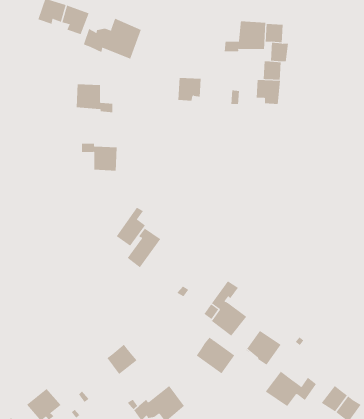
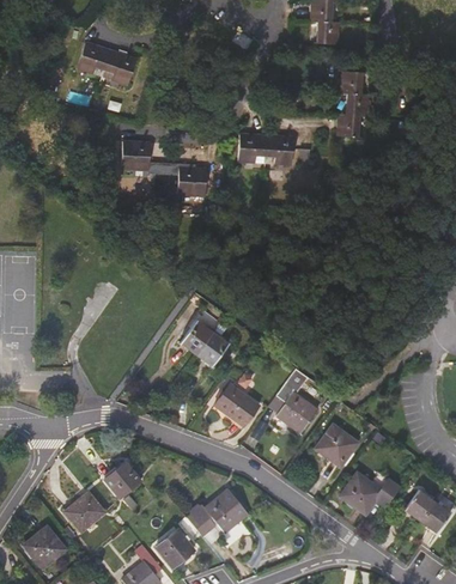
building: [83,18,142,60] -> none
building: [224,21,266,52] -> none
building: [256,80,281,104] -> [265,134,293,163]
building: [81,143,118,171] -> [164,163,206,195]
building: [116,207,146,246] -> [195,320,230,365]
building: [196,337,235,374] -> [214,383,260,426]
building: [106,344,138,375] -> [104,461,140,497]

